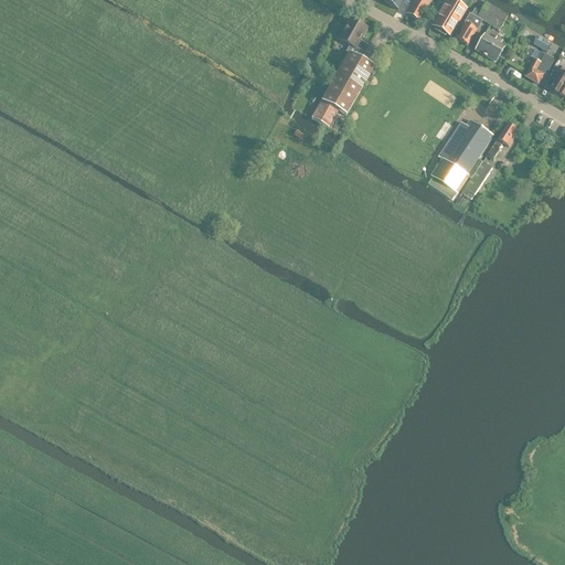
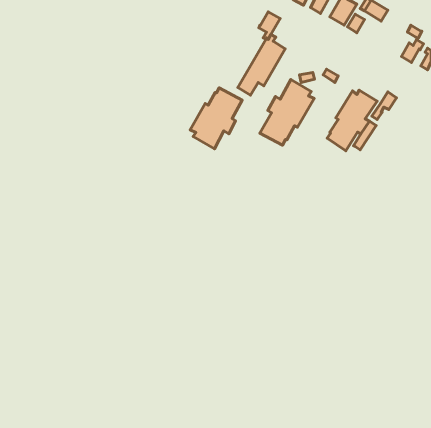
building: [475,31,504,60] -> none
building: none -> [260,79,314,145]
building: none -> [190,88,242,149]

